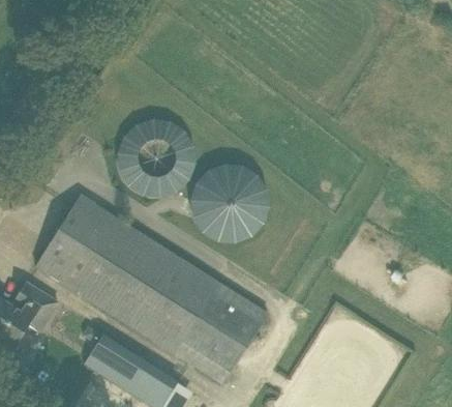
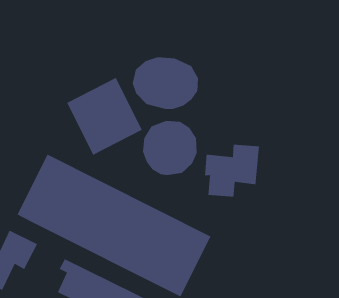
building: none -> [132,56,199,110]
building: none -> [204,144,260,198]

